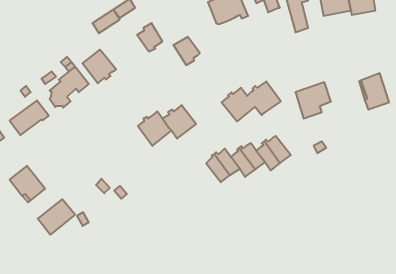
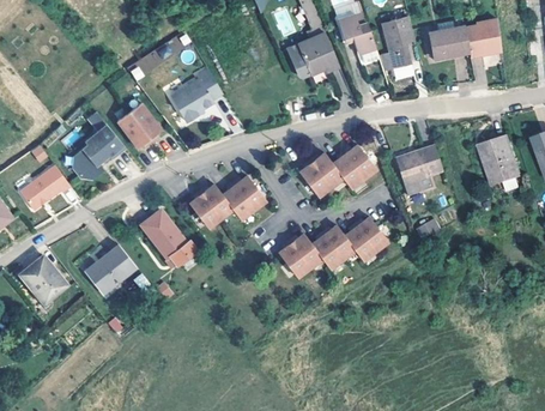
building: [173,37,200,65] -> [169,83,204,120]
building: none -> [140,208,196,262]
building: [38,199,75,235] -> [86,246,135,292]

